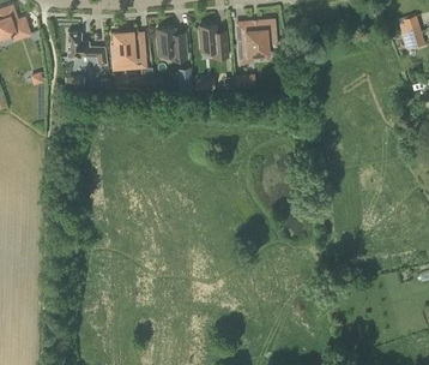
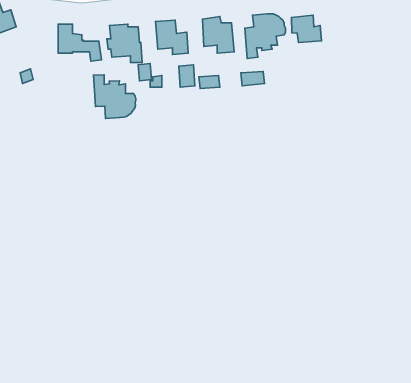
building: none -> [292,15,321,42]
building: none -> [93,75,136,119]

